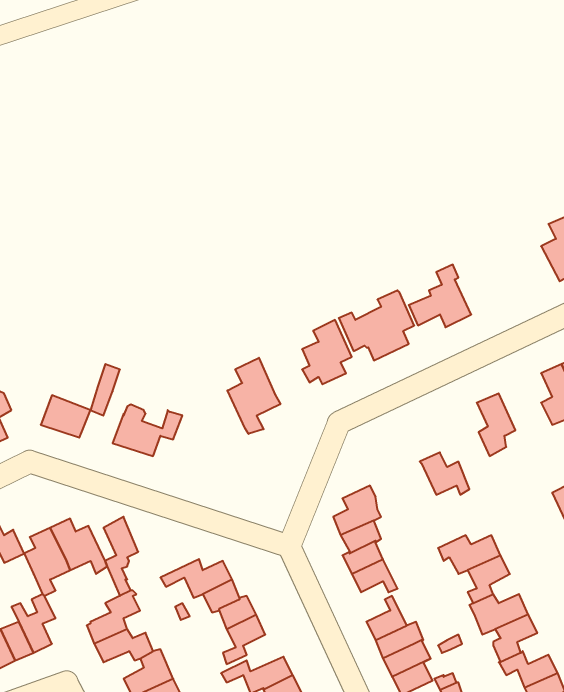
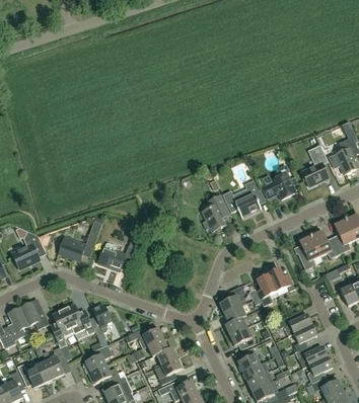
building: none -> [301,144,329,185]
building: [227,358,280,434] -> none
building: none -> [310,230,340,257]
building: none -> [256,273,276,305]

